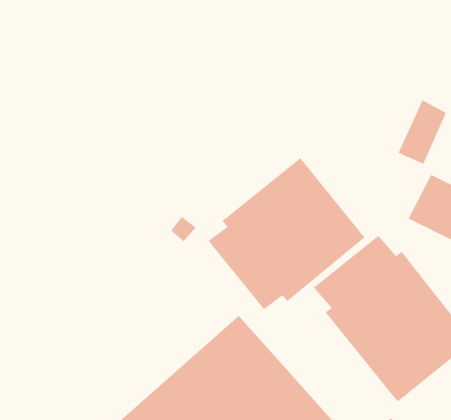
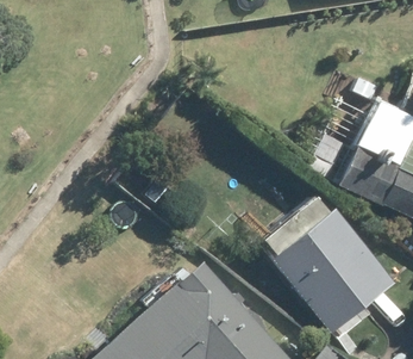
building: [208,157,365,310] -> none

